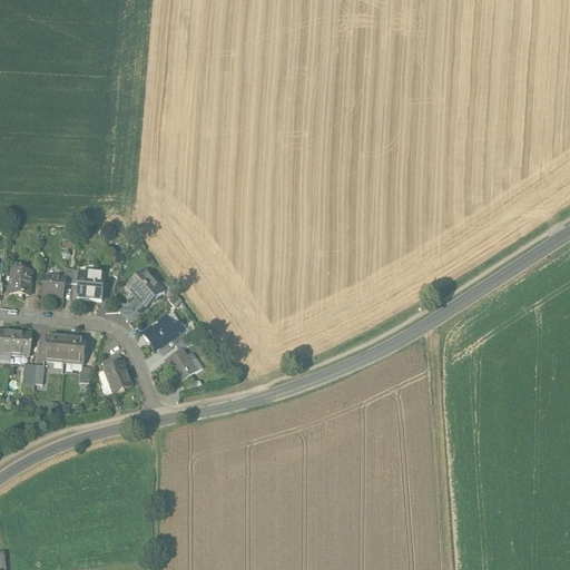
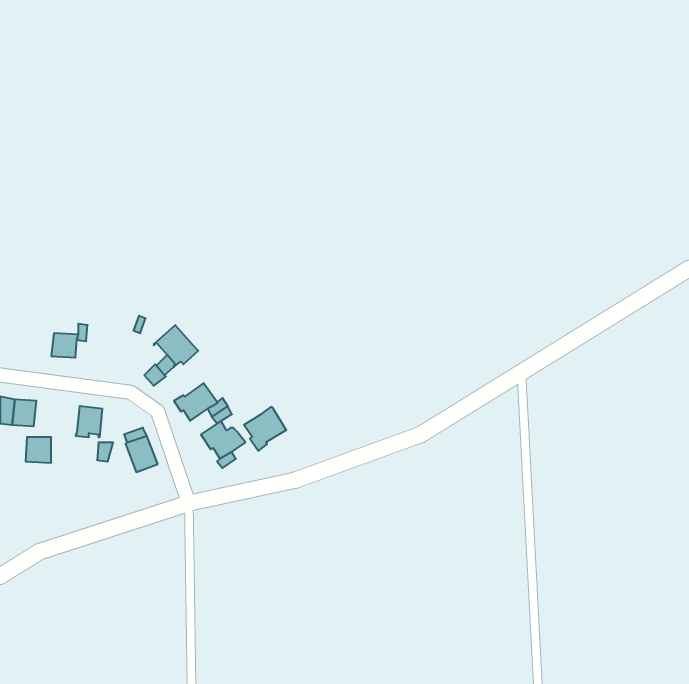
building: [8,268,30,294] -> none
building: [77,272,104,298] -> none
building: [43,333,66,357] -> none
building: none -> [244,407,286,451]

